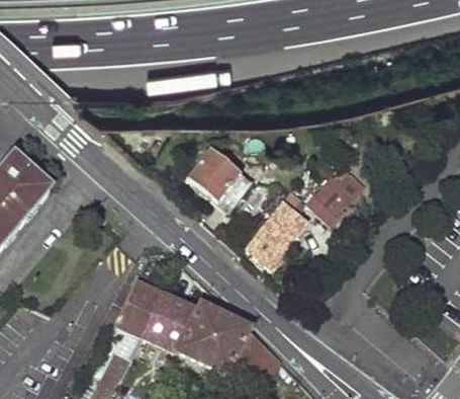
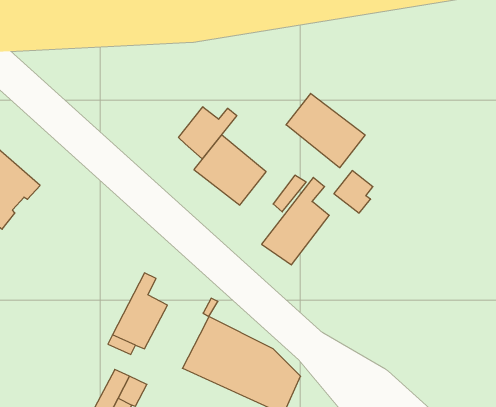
building: none -> [286,93,365,168]
building: none -> [179,107,237,159]
building: [142,295,195,350] -> none

